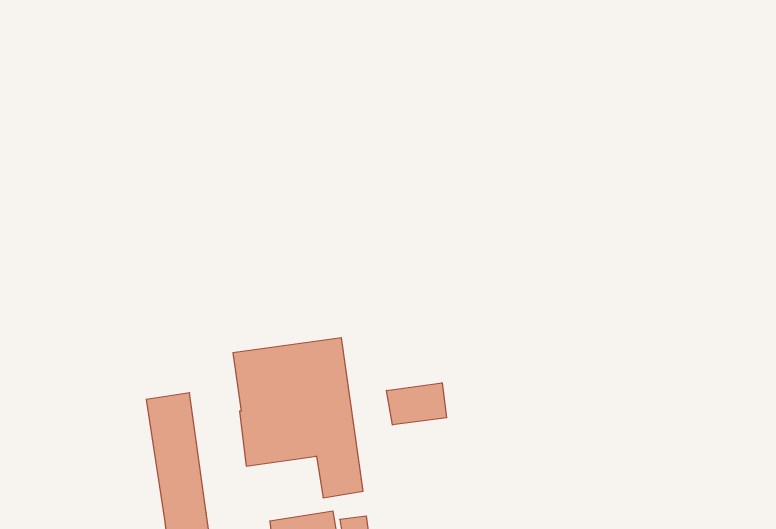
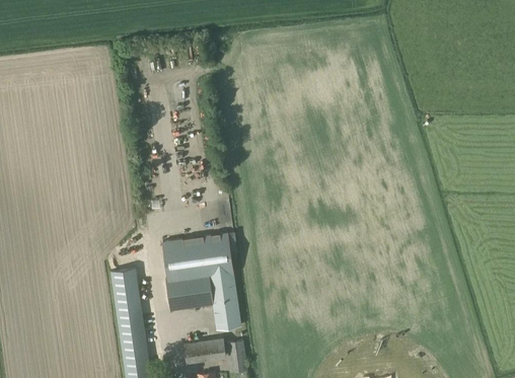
building: [387,383,447,425] -> none

